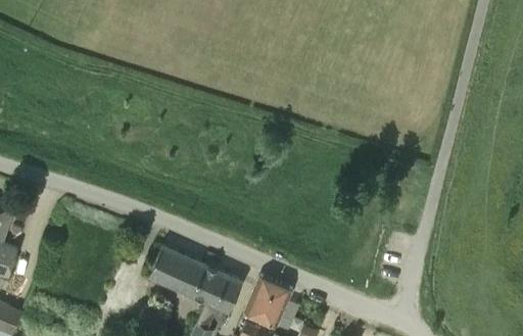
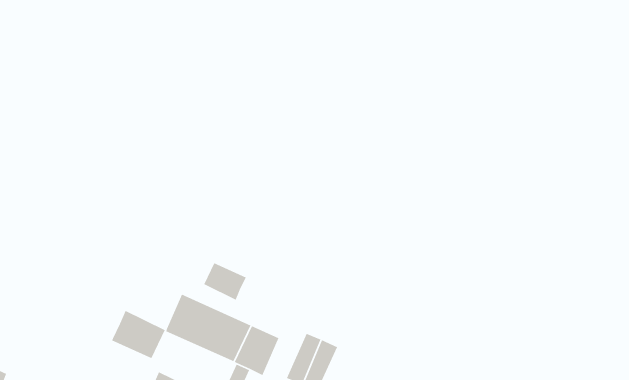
building: none -> [203,262,247,301]
building: none -> [111,310,166,359]

